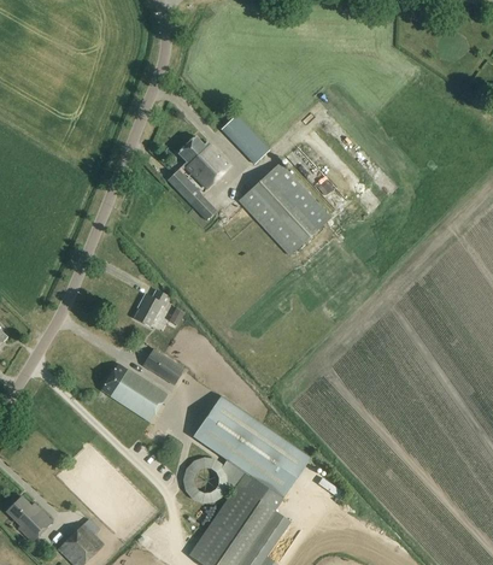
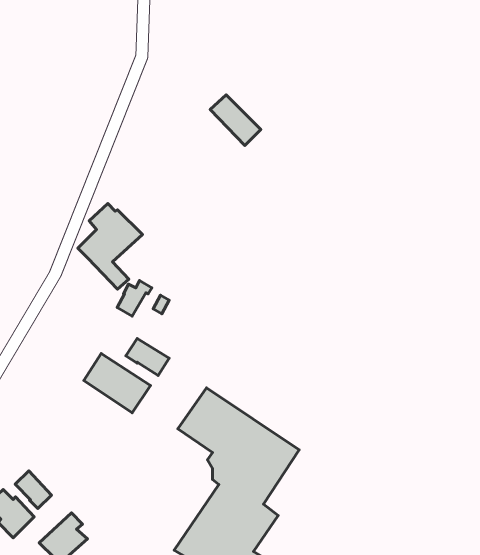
building: [166,137,229,220] -> [78,204,142,289]
building: [237,163,331,257] -> none
building: none -> [15,471,52,508]

